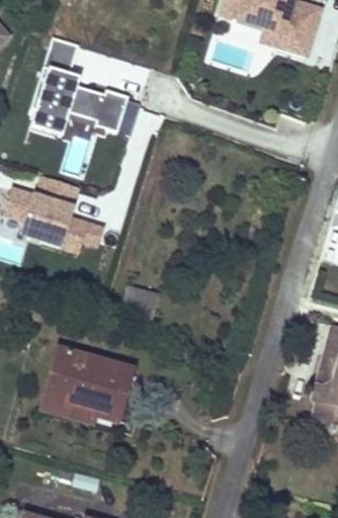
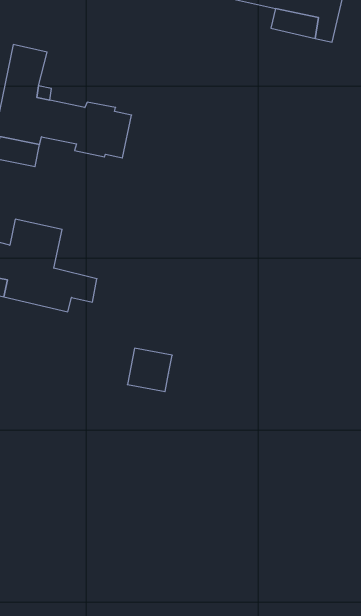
building: [40,349,130,420] -> none

